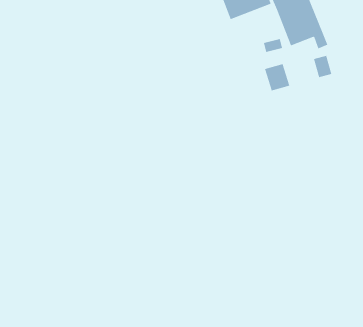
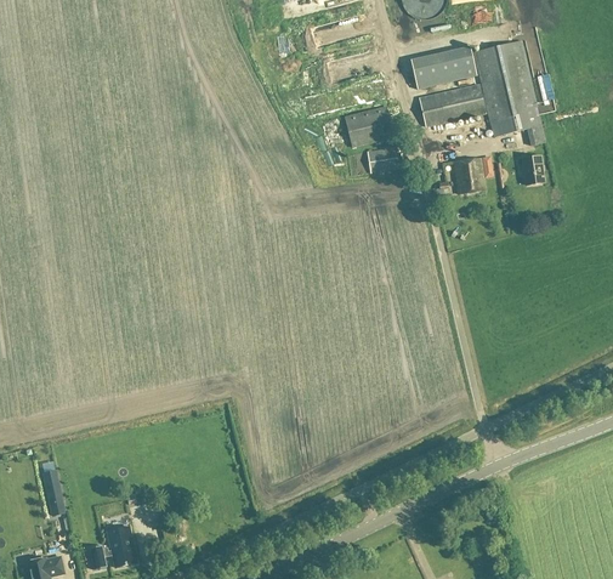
building: none -> [420,83,486,125]
building: none -> [345,106,393,146]
building: none -> [367,147,398,171]

